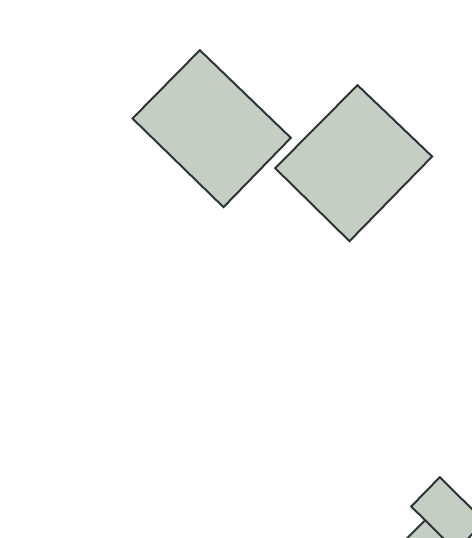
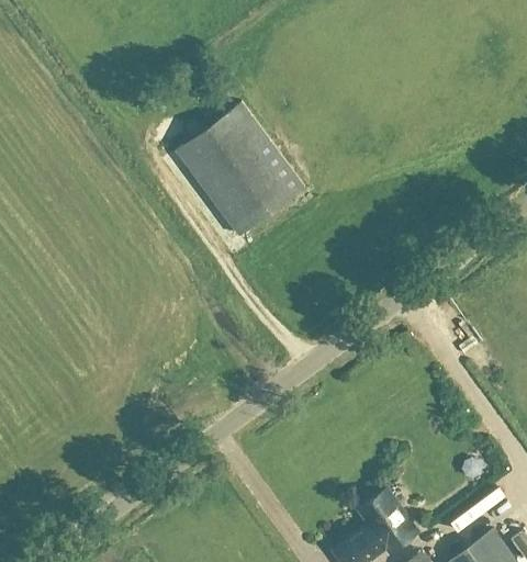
building: [275,85,432,241] -> none

